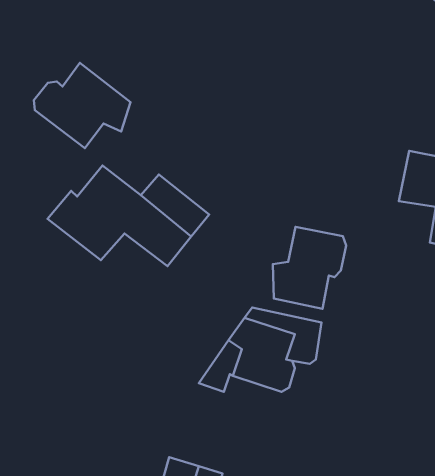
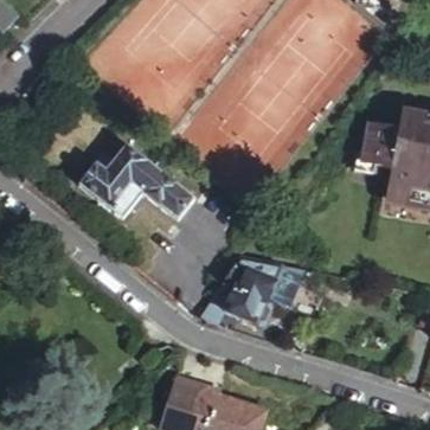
building: [34,63,131,148] -> none
building: [273,227,346,309] -> none

